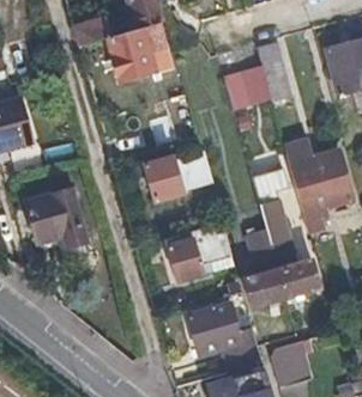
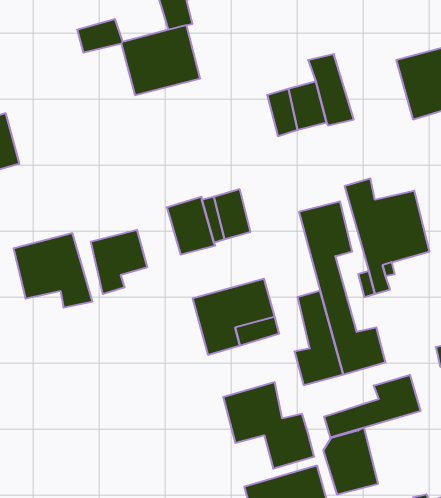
building: none -> [91,230,147,294]
building: none -> [324,375,421,438]

